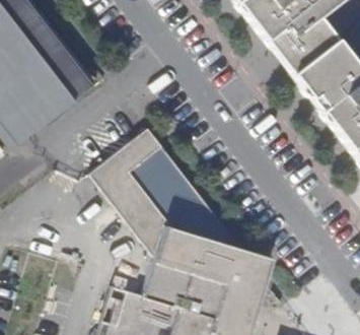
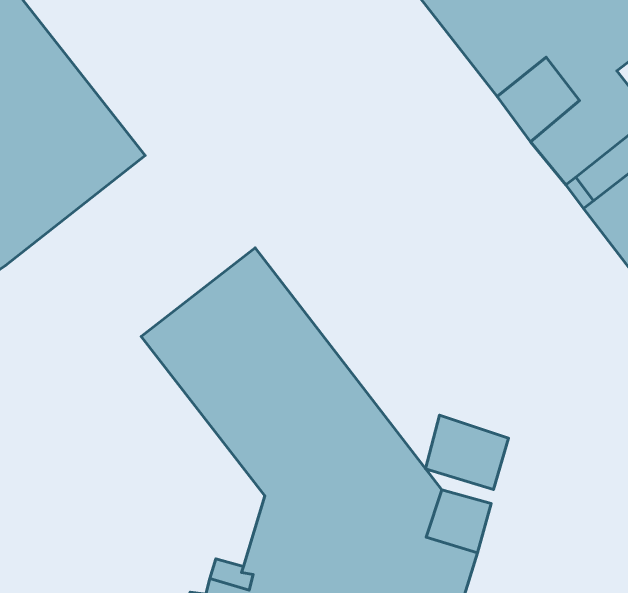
building: none -> [426,415,508,490]

